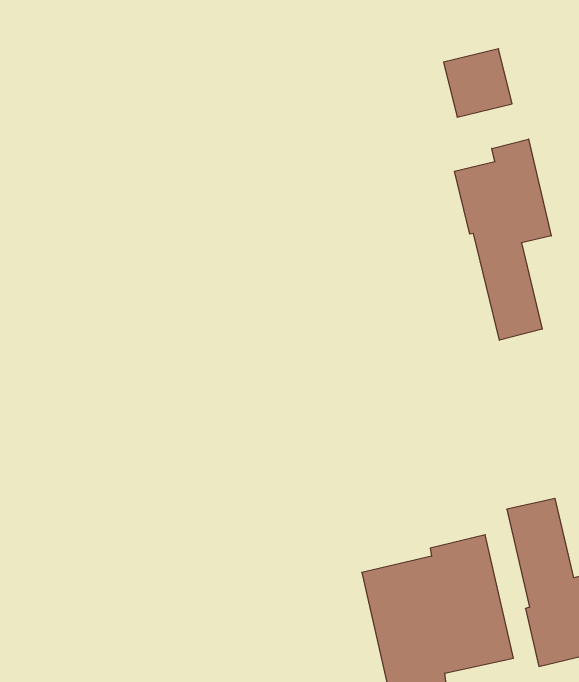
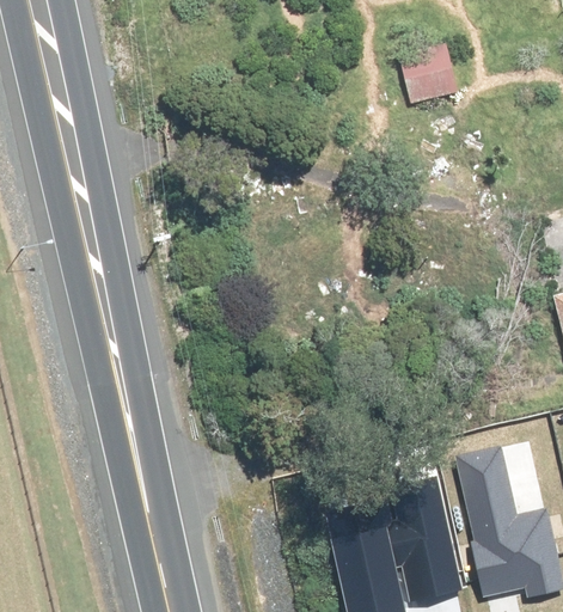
building: [454,139,551,340] -> none

